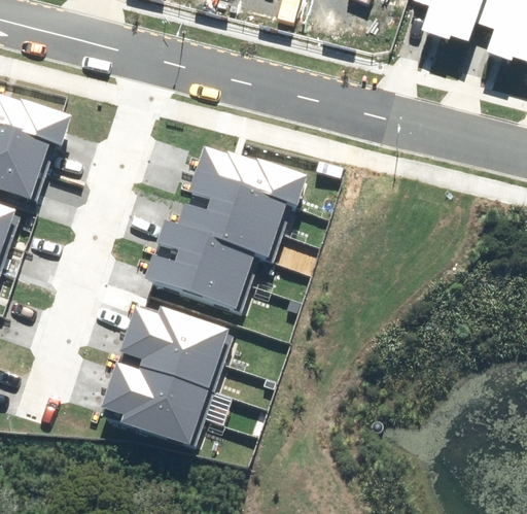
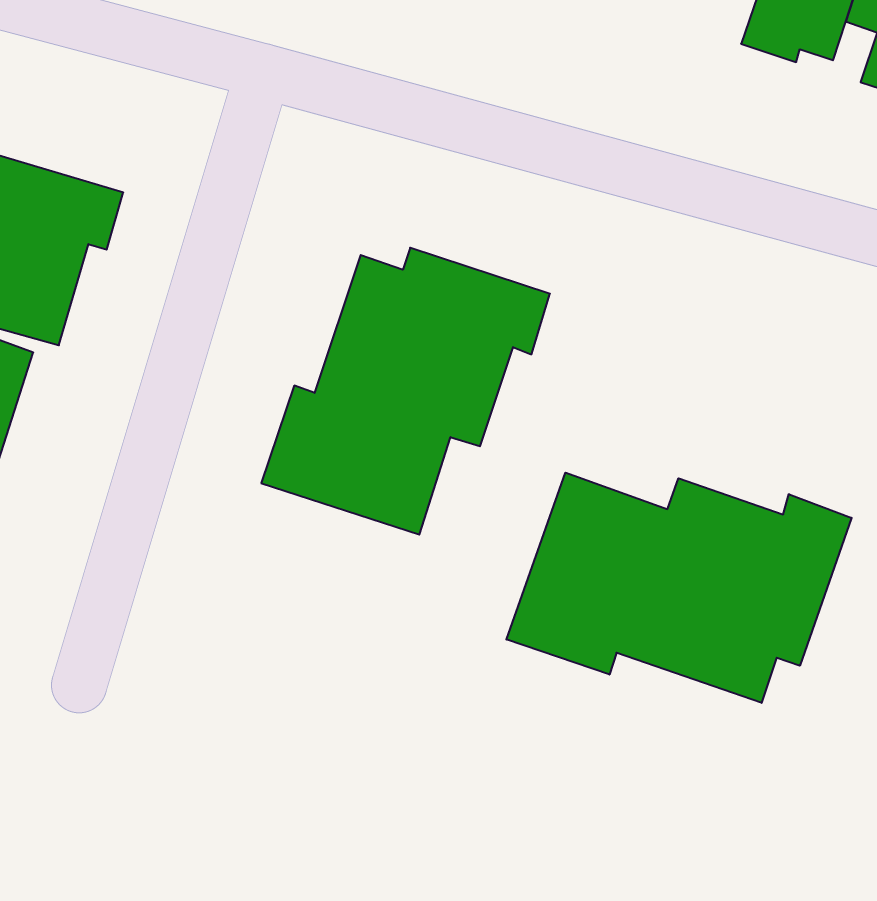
building: none -> [506,473,852,703]
building: [101,309,234,448] -> none

